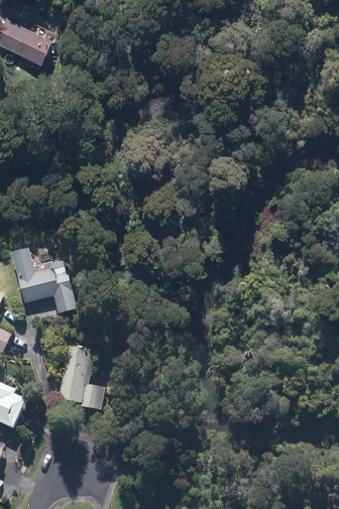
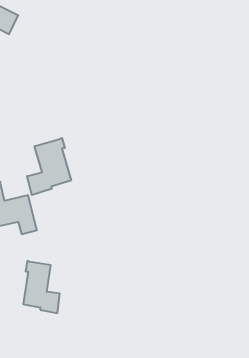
building: none -> [27,138,71,195]

